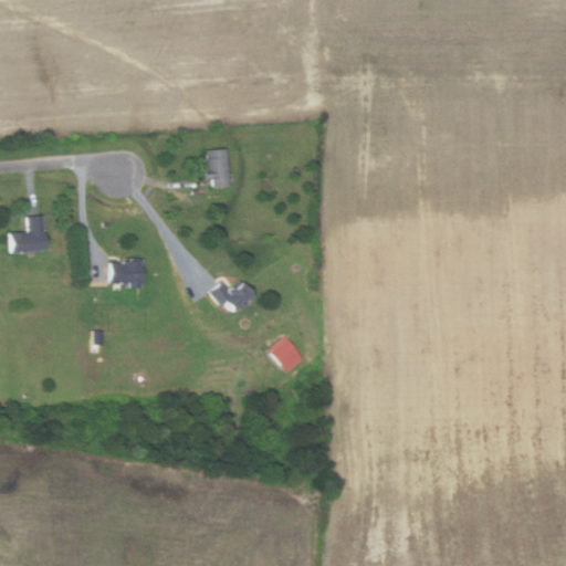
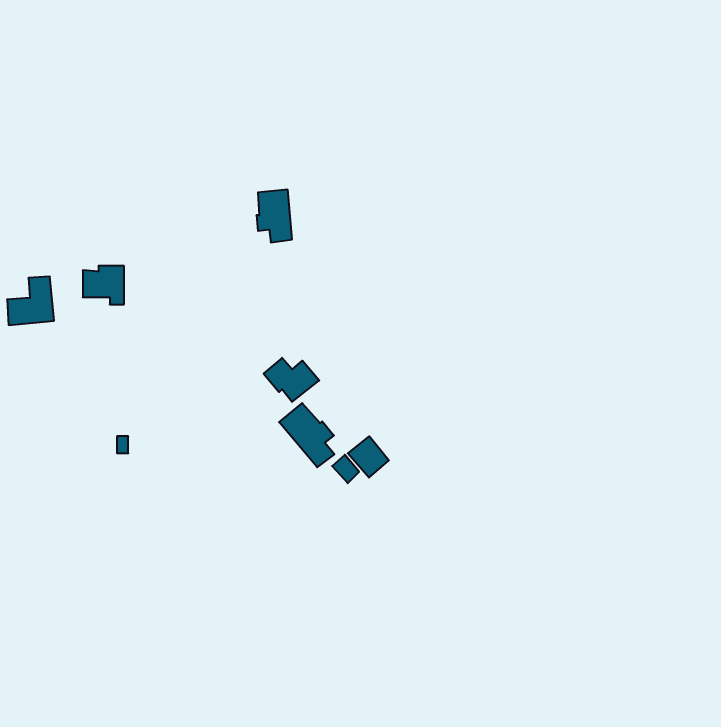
building: [112,259,144,289] -> [83,266,124,304]
building: none -> [279,403,334,467]

